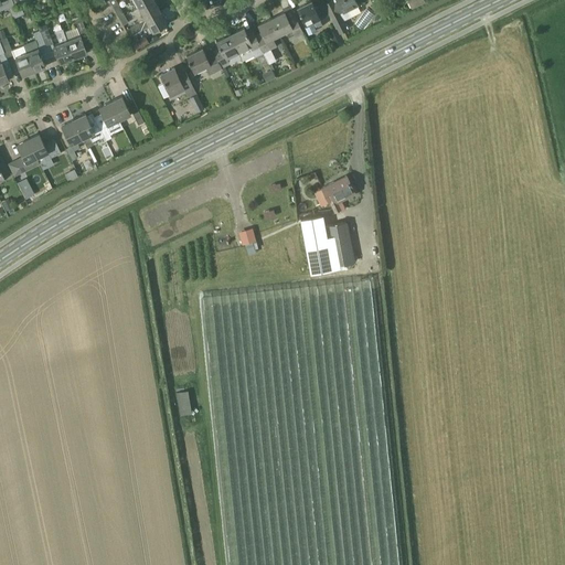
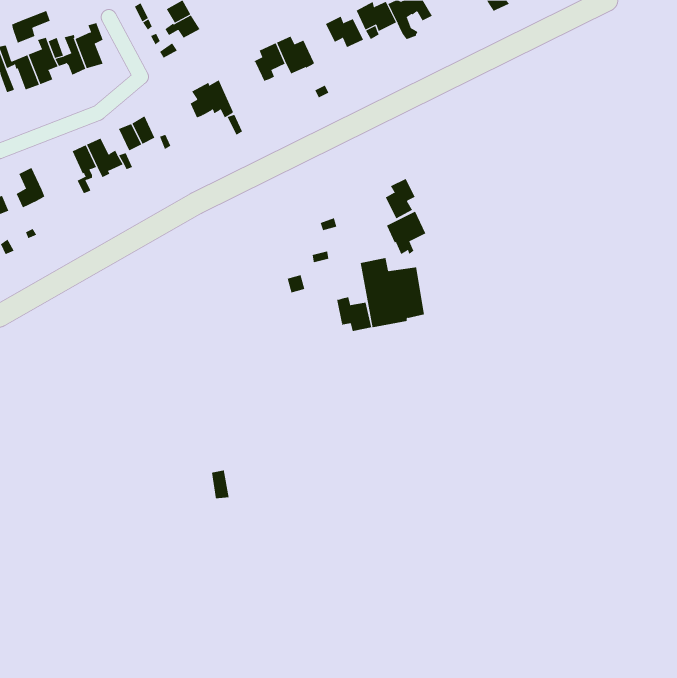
building: none -> [11,10,51,44]
building: [253,20,278,53] -> none
building: [185,49,221,75] -> none
building: [26,135,60,160] -> none
building: none -> [385,178,415,219]
building: none -> [336,297,372,332]

